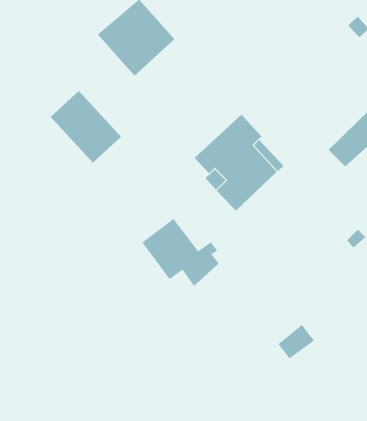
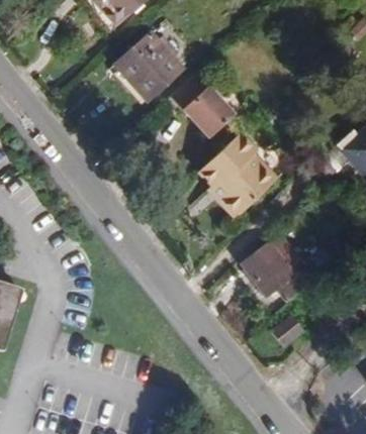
building: [50,90,122,163] -> [172,73,235,136]
building: [141,218,219,287] -> [243,241,310,301]

